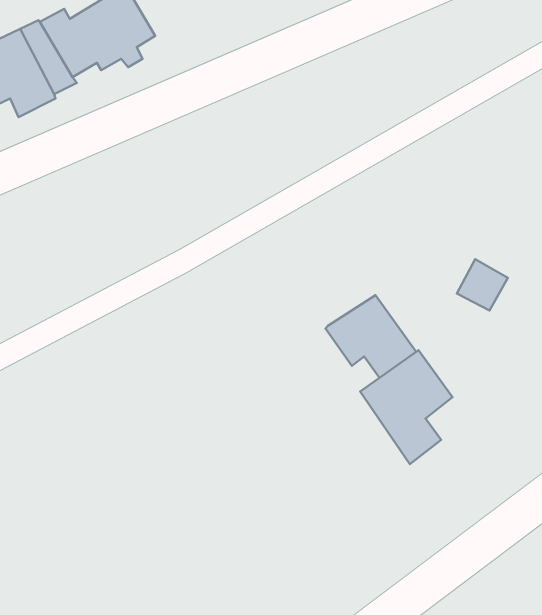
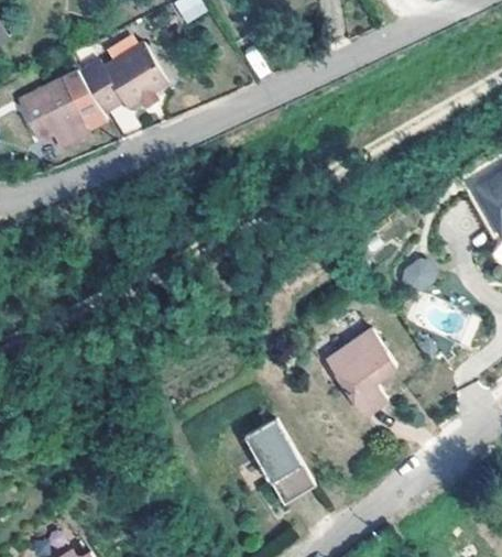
building: [326,295,416,378] -> none
building: none -> [242,417,315,504]

